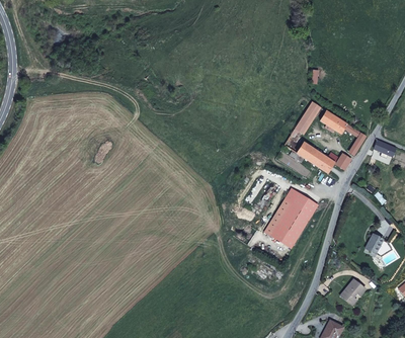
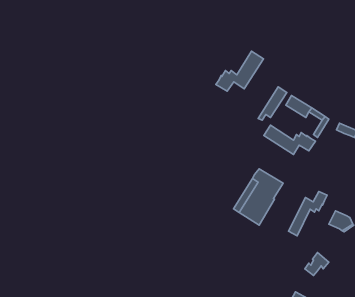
building: none -> [216,51,264,91]
building: none -> [288,191,327,236]

